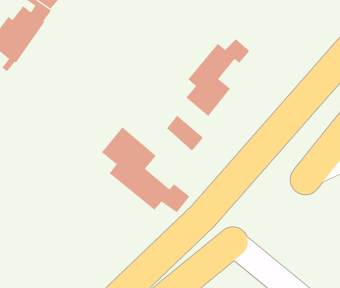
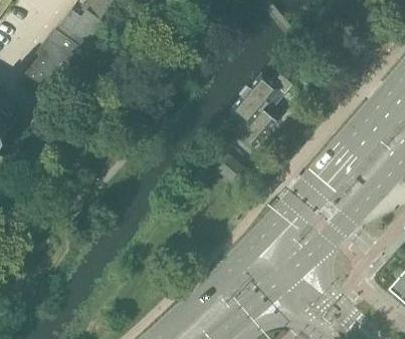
building: [101,126,190,213] -> none

